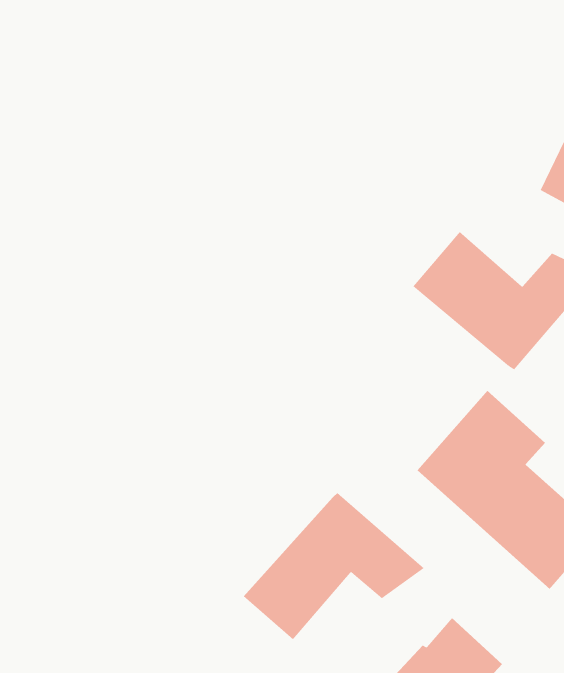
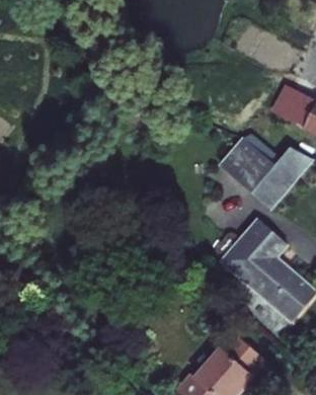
building: [243,492,425,640] -> none

